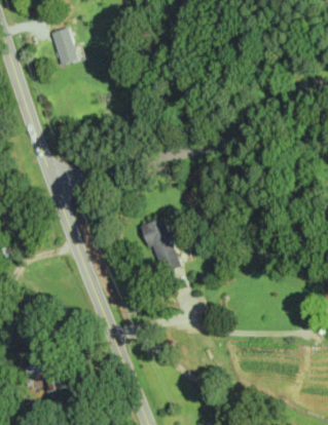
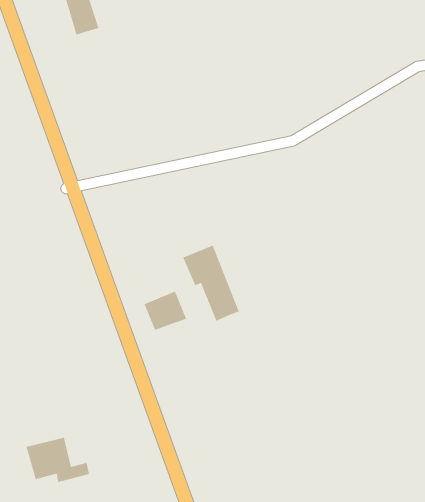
building: none -> [144,290,187,331]

